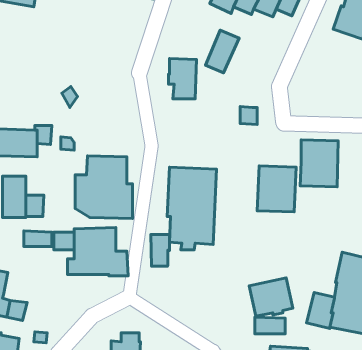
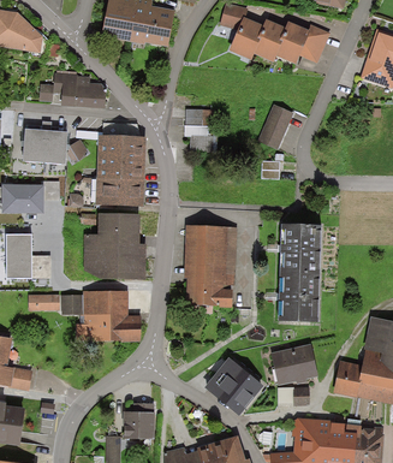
building: none -> [38,70,105,108]
building: [205,30,239,73] -> [257,103,293,149]
building: none -> [23,129,66,164]
building: none -> [95,136,145,207]
building: [300,140,338,187] -> [278,272,318,322]
building: [151,234,170,266] -> none
building: none -> [203,357,263,416]

